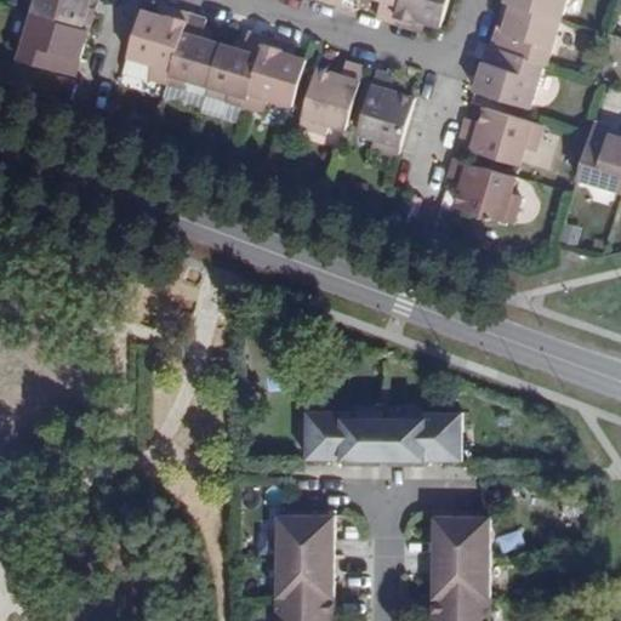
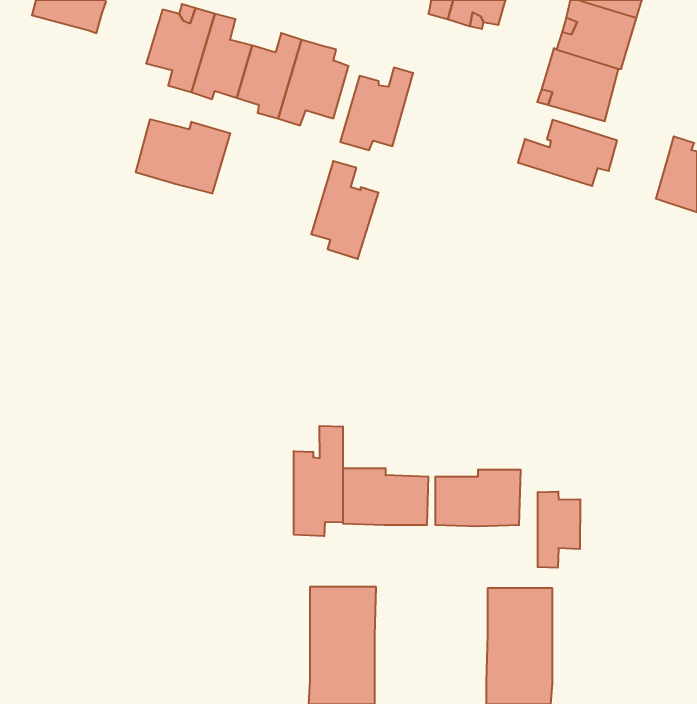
building: [15,13,85,76] -> none
building: [355,68,415,154] -> [311,161,379,259]
building: none -> [136,119,230,194]
building: [446,155,523,221] -> none
building: none -> [294,426,343,536]
building: none -> [538,491,580,568]

